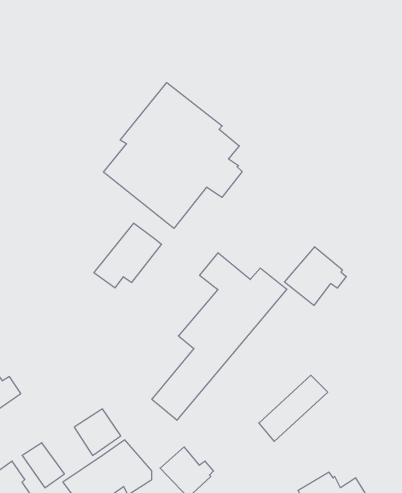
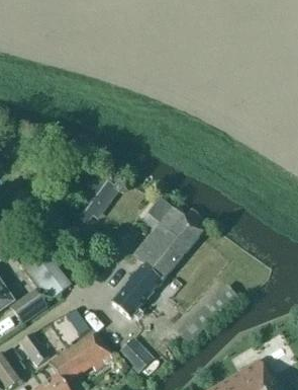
building: [103,83,242,228] -> none
building: [285,247,346,305] -> none
building: none -> [26,253,70,299]
building: none -> [10,289,46,323]

